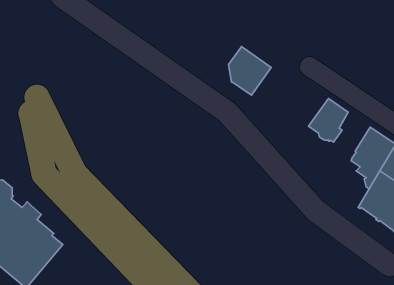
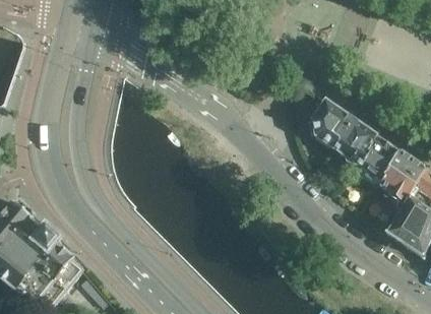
building: [229,46,271,95] -> [312,100,356,149]
building: none -> [353,135,398,188]

